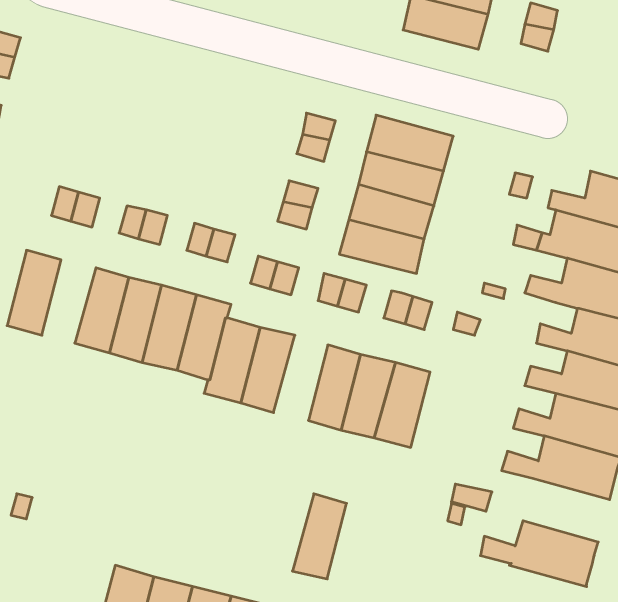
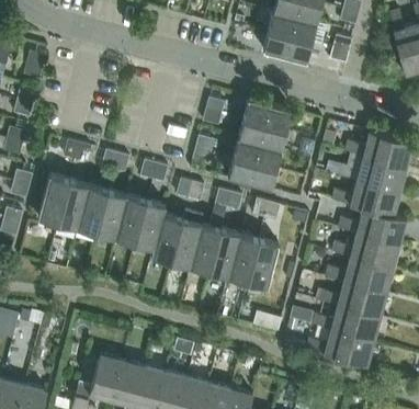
building: none -> [58,181,89,228]
building: none -> [314,305,381,341]
building: [292,494,347,579] -> [190,224,220,272]

